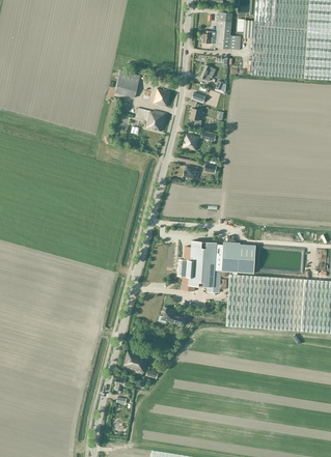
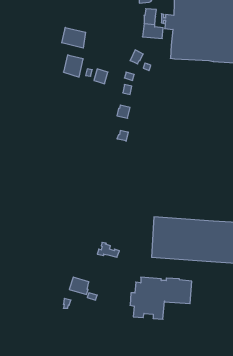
building: none -> [62,27,86,48]
building: [135,108,165,132] -> none
building: [177,240,255,293] -> [130,277,192,319]

